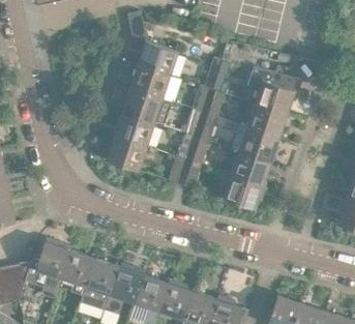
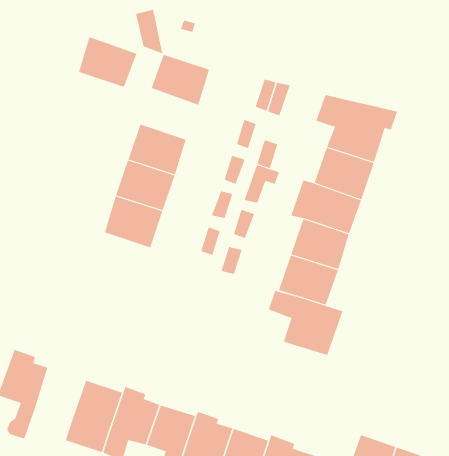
building: [129,64,169,98] -> [78,36,137,88]
building: none -> [268,290,343,356]
building: [60,251,93,295] -> none

